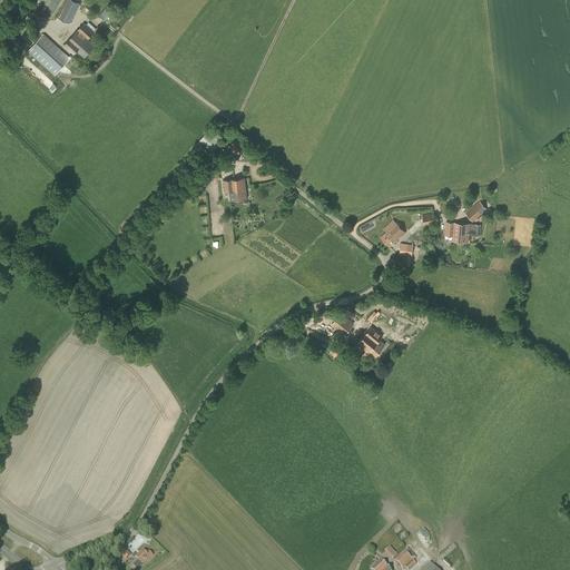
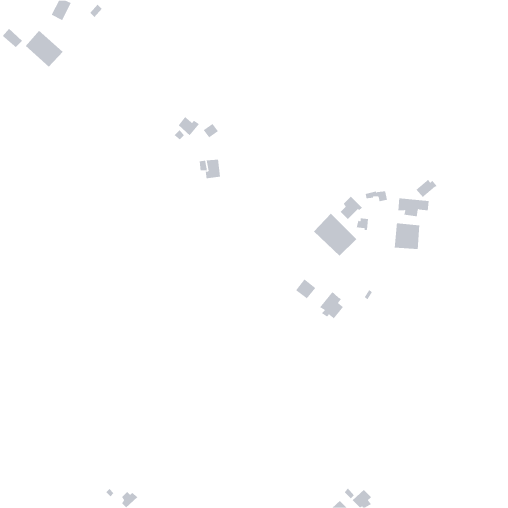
building: [63,22,95,57] -> none
building: none -> [313,213,357,257]
building: none -> [394,222,420,250]

